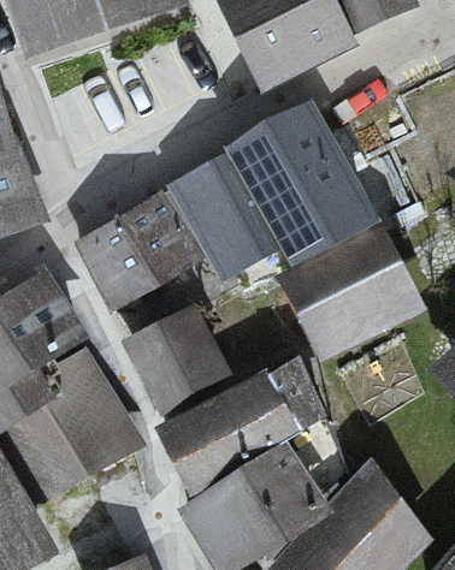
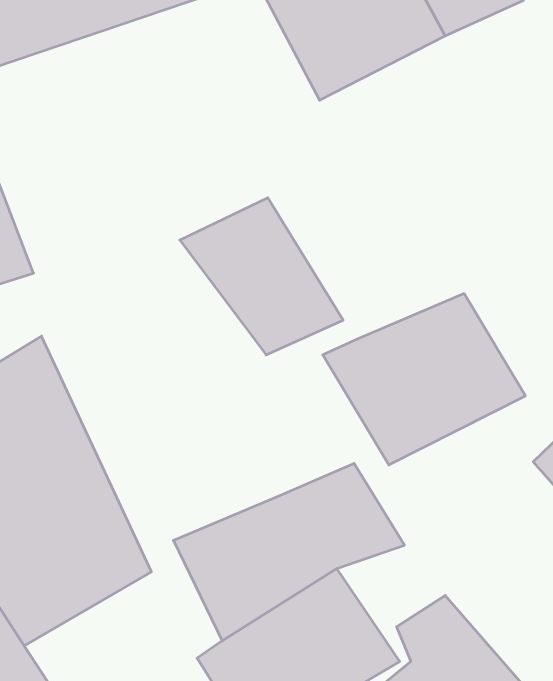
building: [229,118,379,267] -> none
building: [75,191,209,314] -> none
building: [117,303,240,421] -> none

